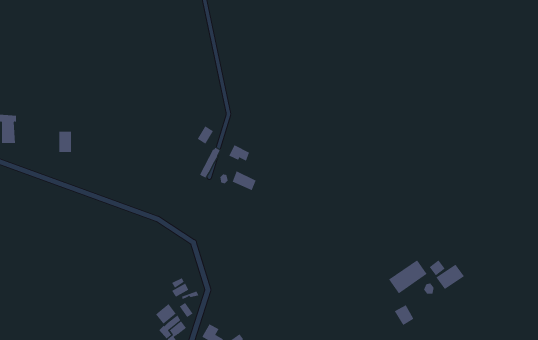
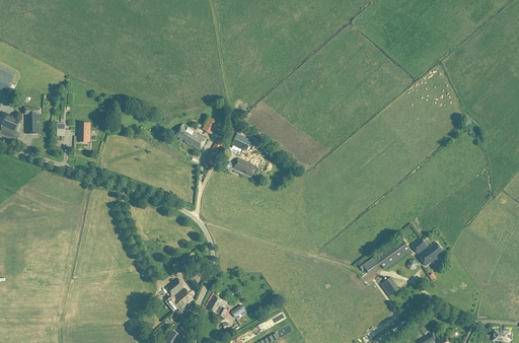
building: none -> [174,124,206,150]

